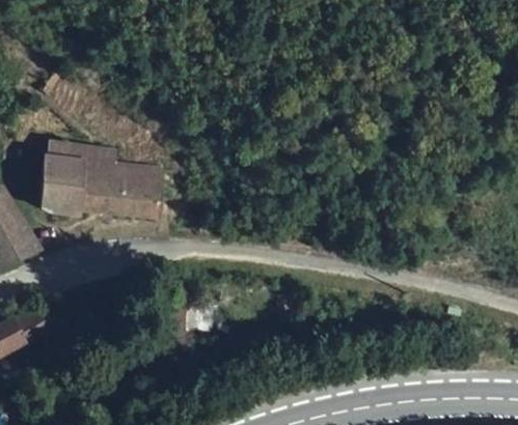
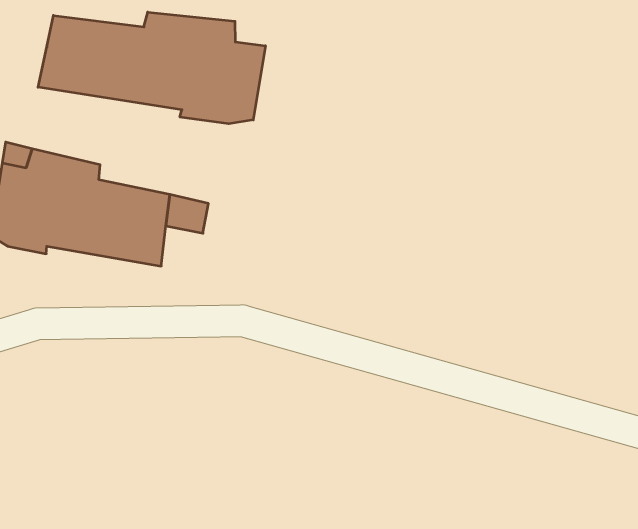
building: none -> [38,12,265,124]

